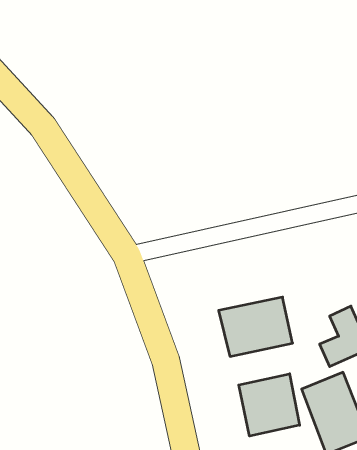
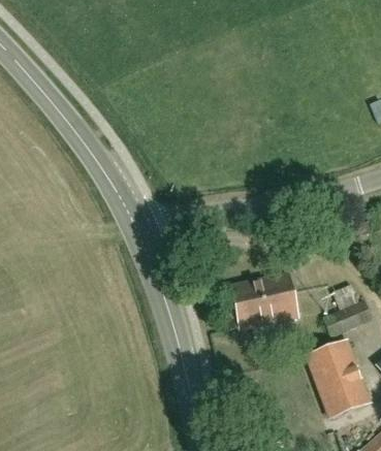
building: [239,374,300,436] -> none

